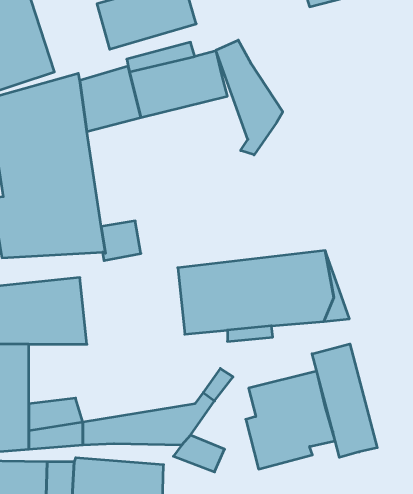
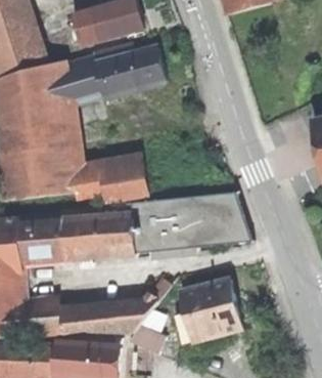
building: [216,40,283,155] -> none
building: none -> [100,163,149,202]
building: none -> [60,204,136,259]
building: [312,344,377,457] -> none

